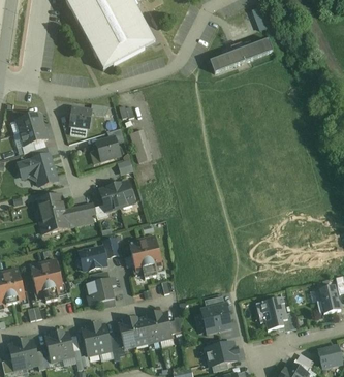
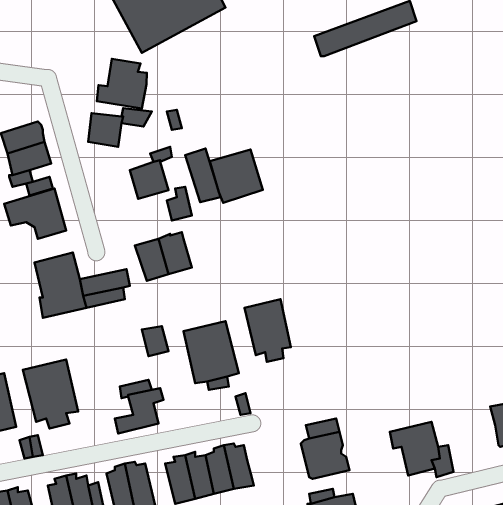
building: none -> [97,59,147,108]
building: none -> [210,150,263,203]
building: none -> [244,299,291,362]
building: [80,247,106,270] -> none

